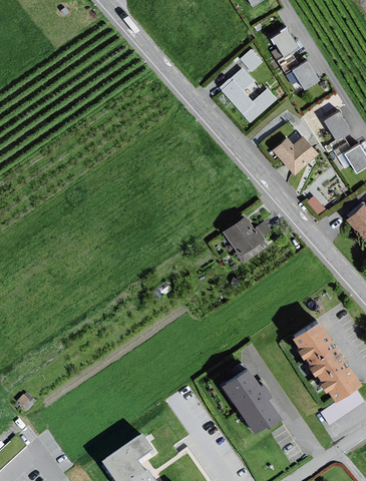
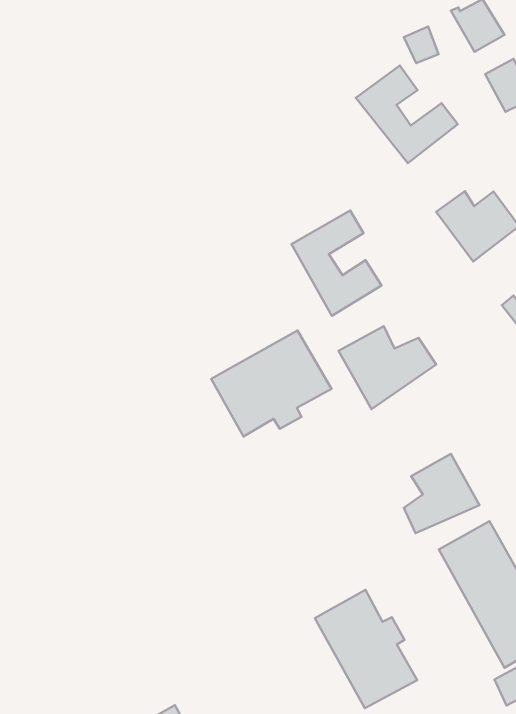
building: none -> [291,210,382,316]
building: none -> [211,330,331,436]
building: none -> [404,454,479,533]

